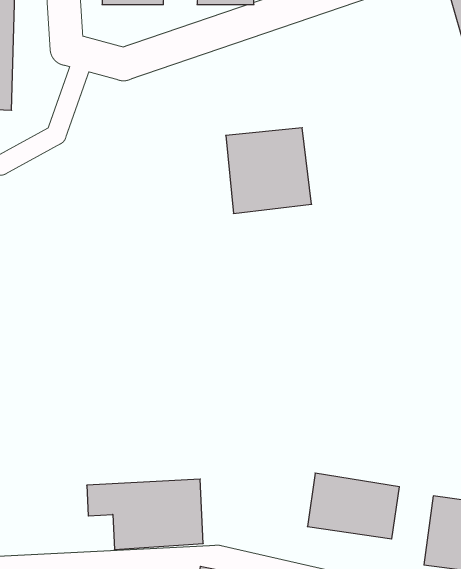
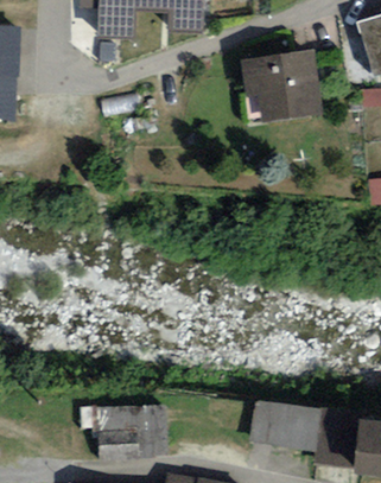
building: [226,128,312,213] -> [245,56,311,122]

